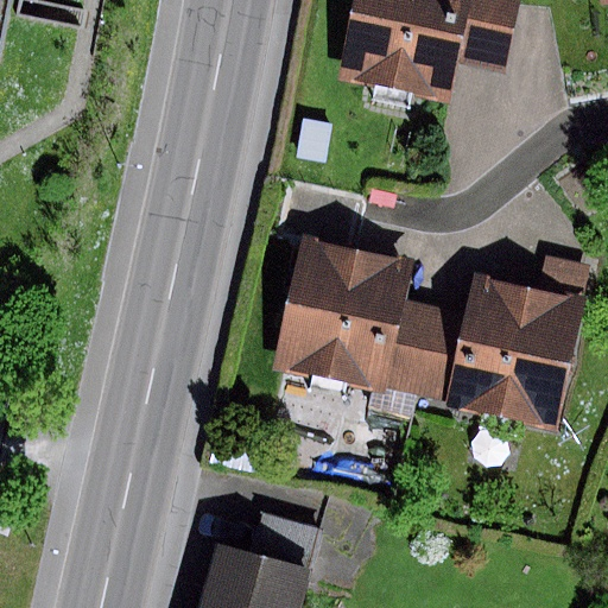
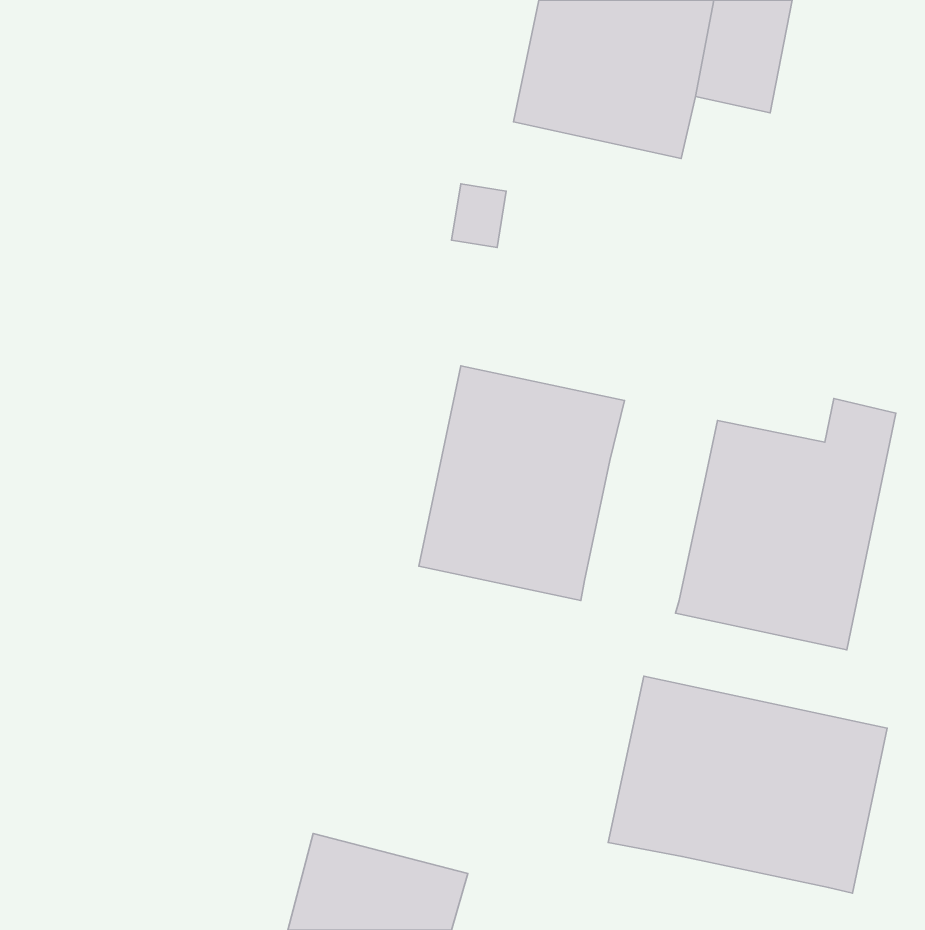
building: [385,300,463,392] -> none
building: none -> [608,676,887,893]

